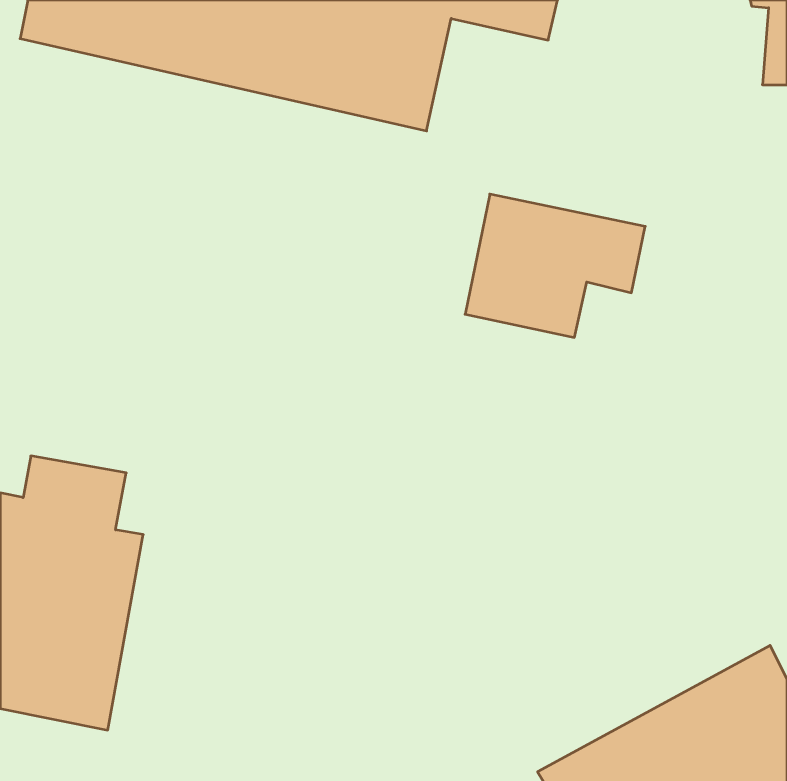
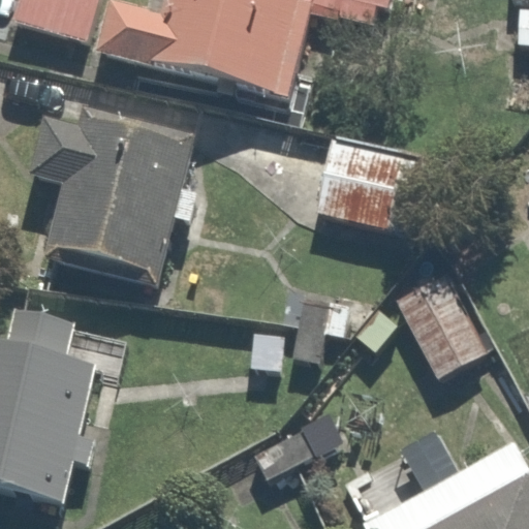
building: none -> [27,103,200,280]
building: none -> [393,263,492,380]

